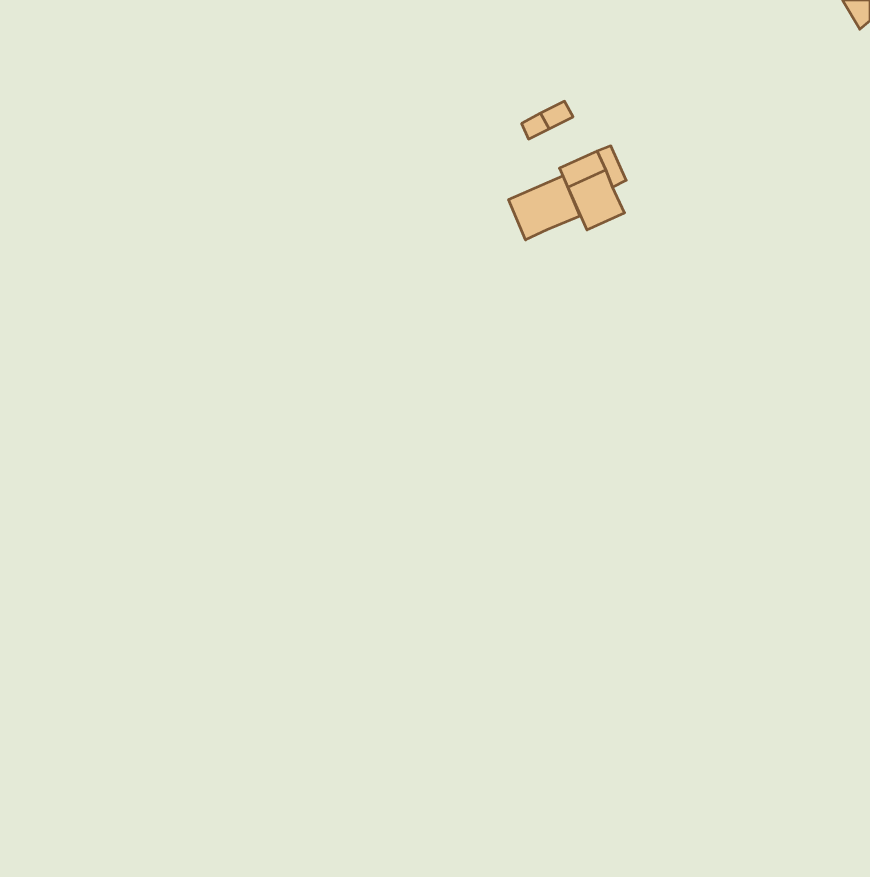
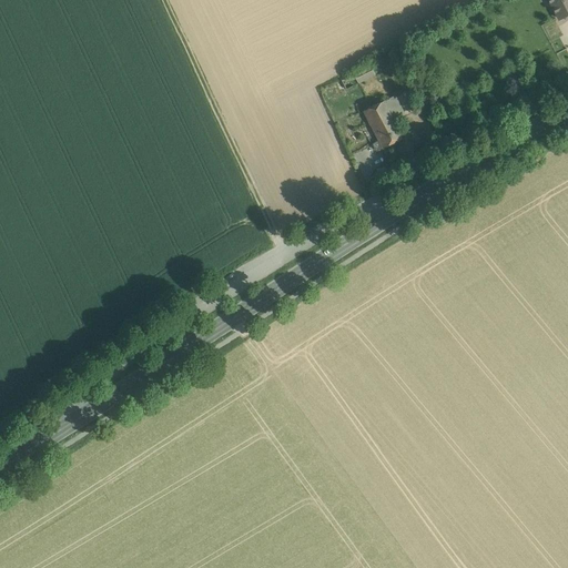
building: [509,176,580,240] -> none

